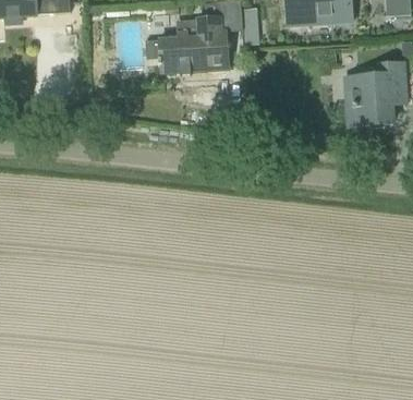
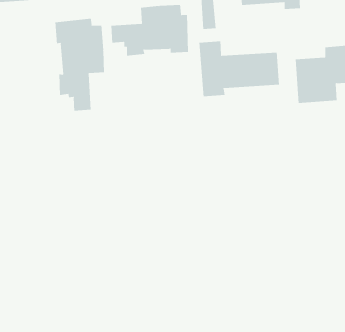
building: none -> [55,18,104,111]
building: none -> [199,41,279,97]

